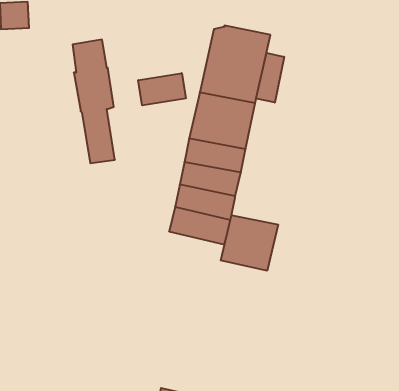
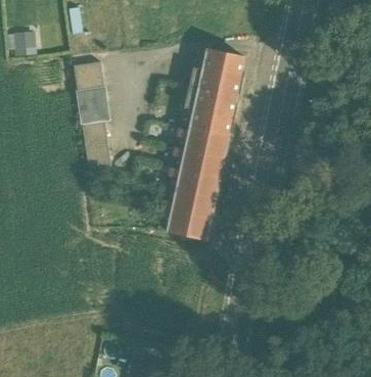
building: [256,53,284,103] -> none
building: [138,73,186,105] -> none
building: [221,215,278,271] -> none

